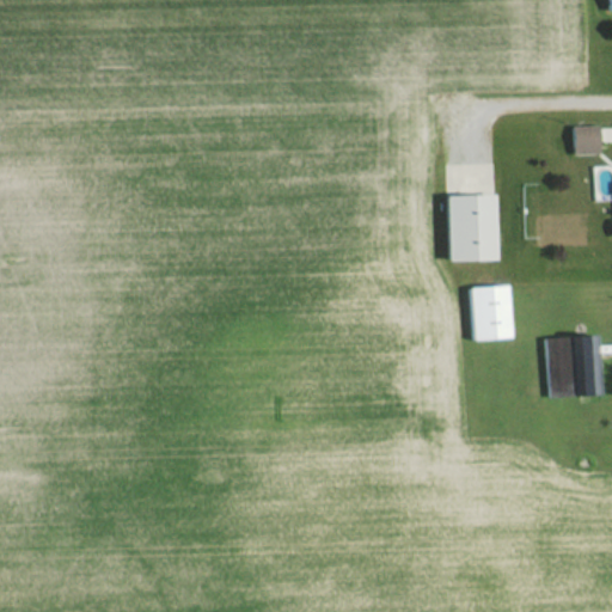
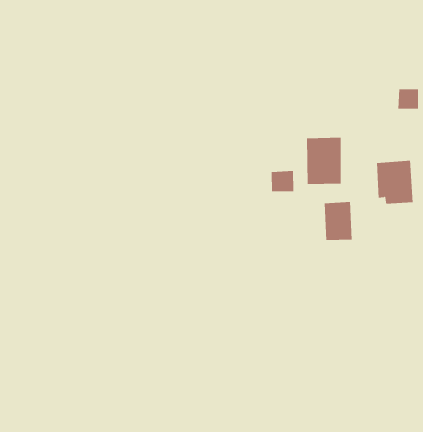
building: none -> [271,170,294,192]
building: [550,335,602,397] -> [376,160,413,204]

